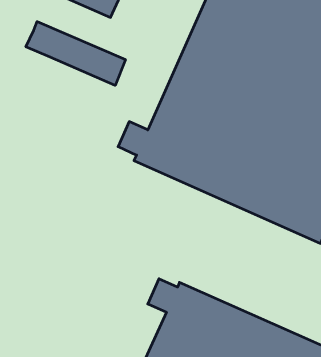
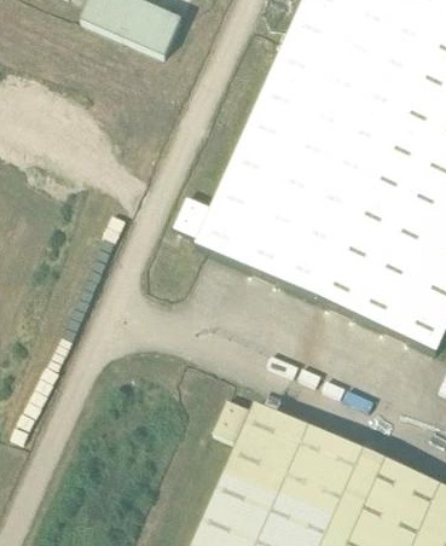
building: [26,22,125,85] -> none

